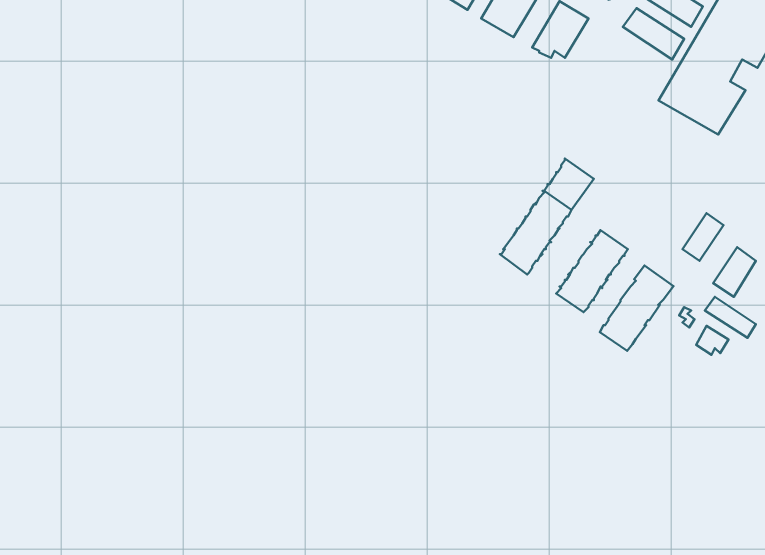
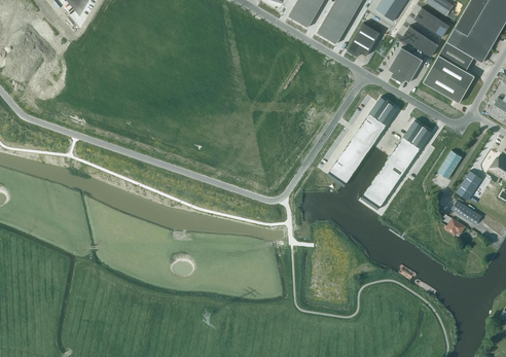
building: none -> [388,46,423,82]
building: none -> [366,96,398,129]
building: [600,266,673,351] -> [388,119,432,171]

